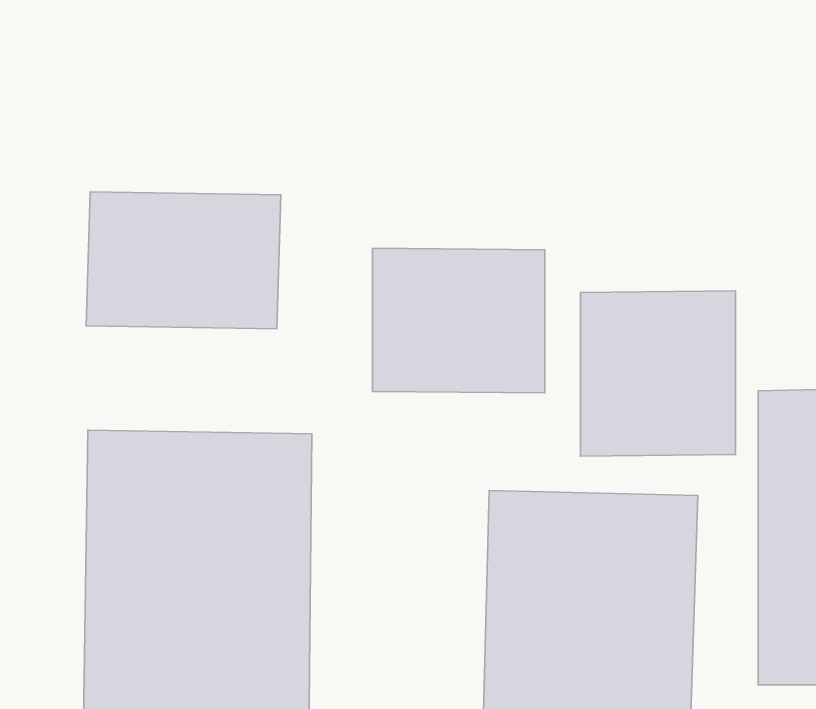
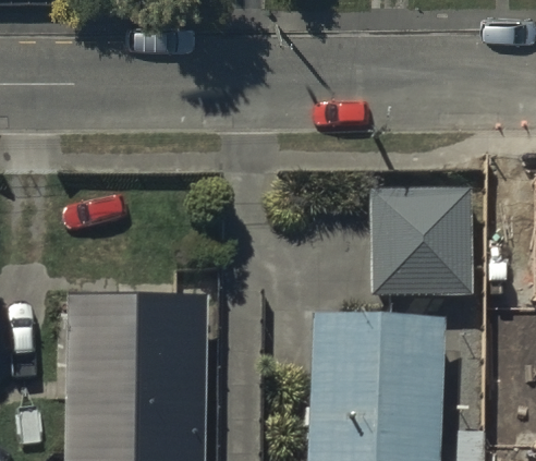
building: [86,192,281,329] -> none
building: [373,248,545,393] -> none

